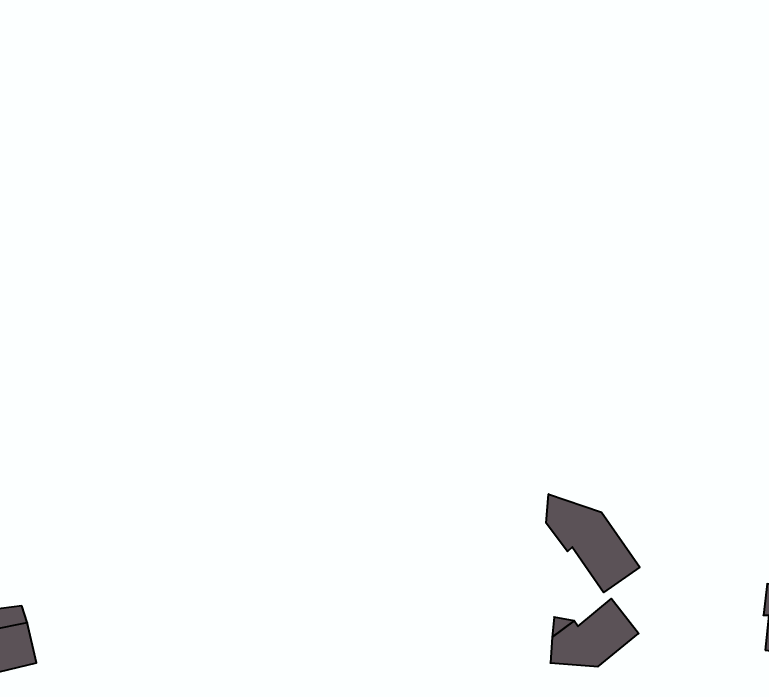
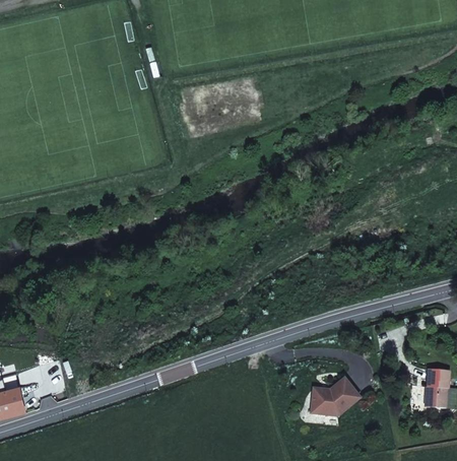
building: [546,494,640,592] -> none

